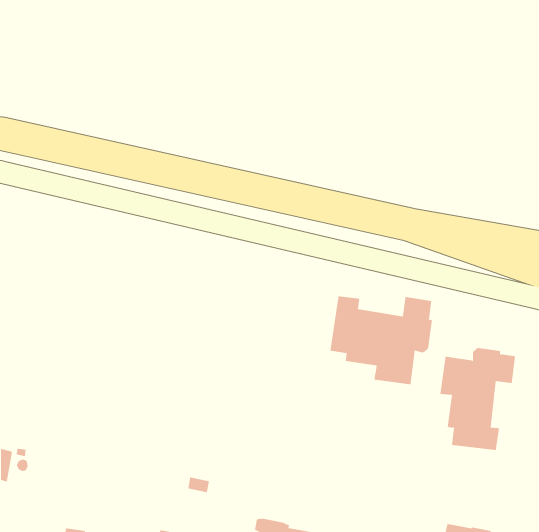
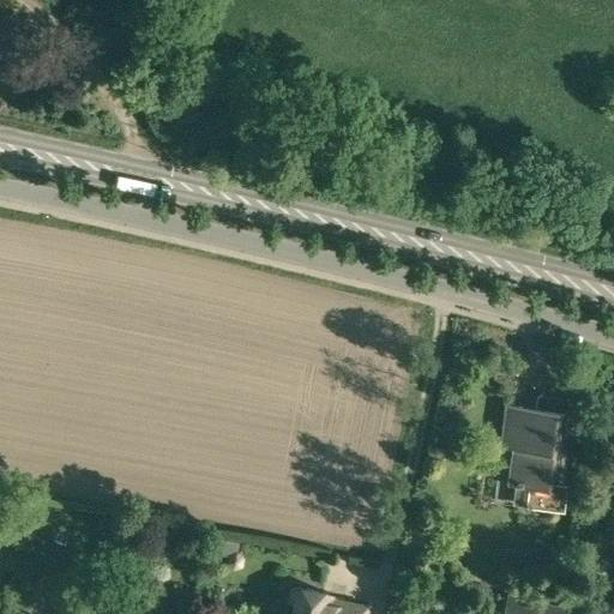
building: [330,295,432,385] -> none

